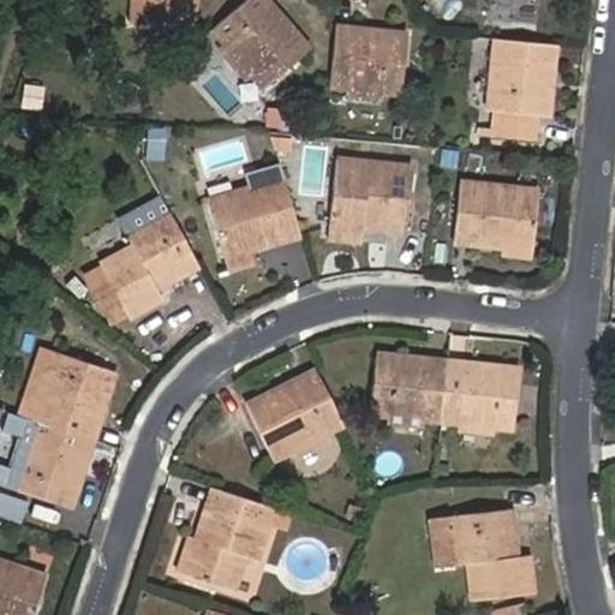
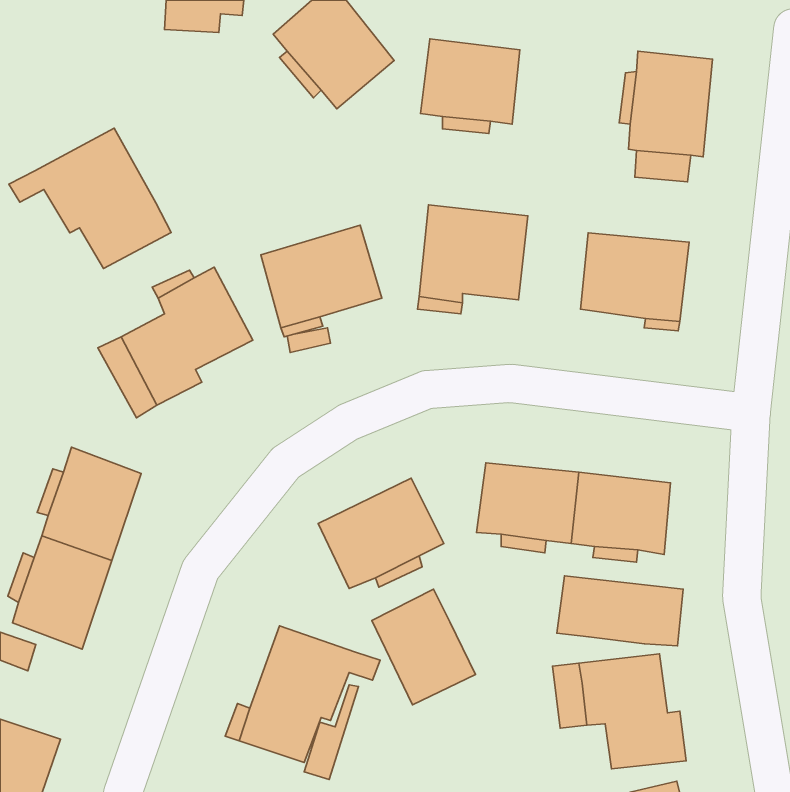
building: none -> [9,128,171,268]
building: none -> [557,576,683,646]
building: none -> [372,589,475,705]

